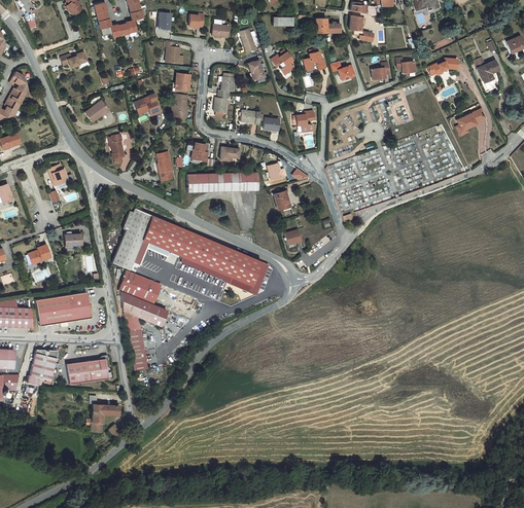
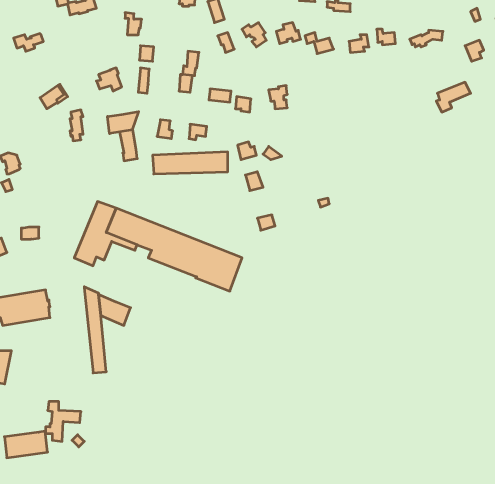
building: none -> [108,112,139,134]
building: [123,274,163,307] -> none
building: [67,364,107,389] -> [4,431,48,458]

